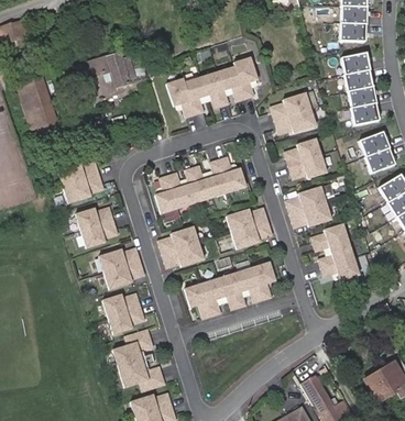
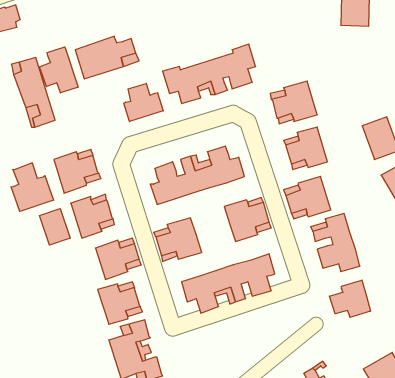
building: [342,53,382,124] -> none
building: none -> [39,47,78,93]
building: none -> [124,83,163,122]
building: none -> [11,163,54,211]
building: none -> [40,209,70,245]
building: none -> [329,280,370,317]

